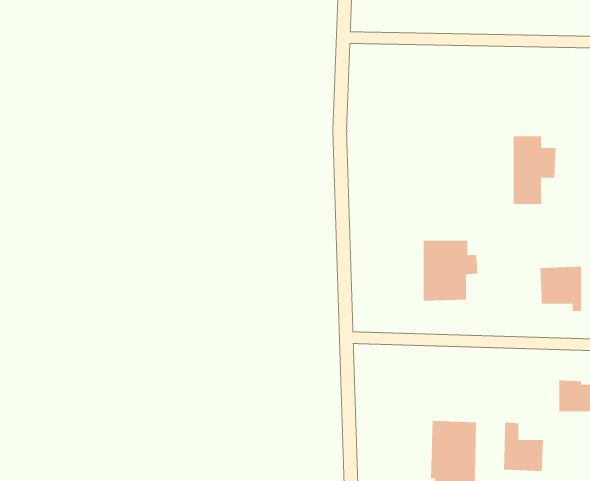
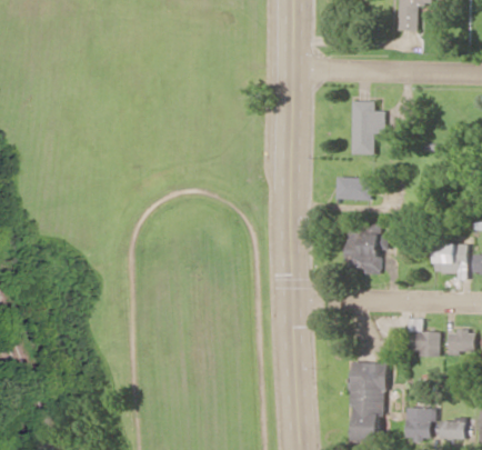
building: [513,136,556,204] -> [349,102,382,154]
building: none -> [333,178,369,201]
building: [503,422,544,471] -> [408,319,439,357]

